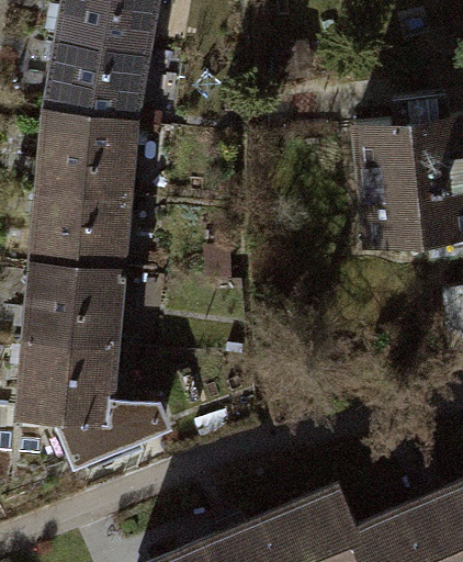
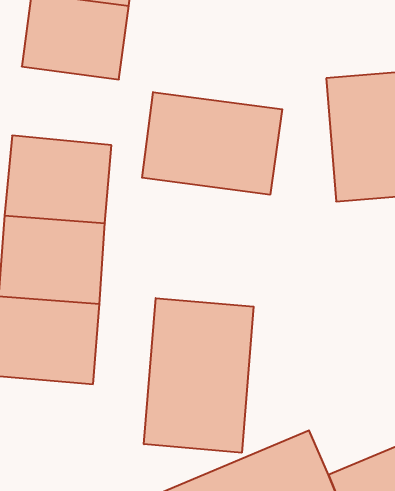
building: [33,113,142,193] -> none
building: none -> [142,92,282,195]
building: none -> [144,298,254,453]

